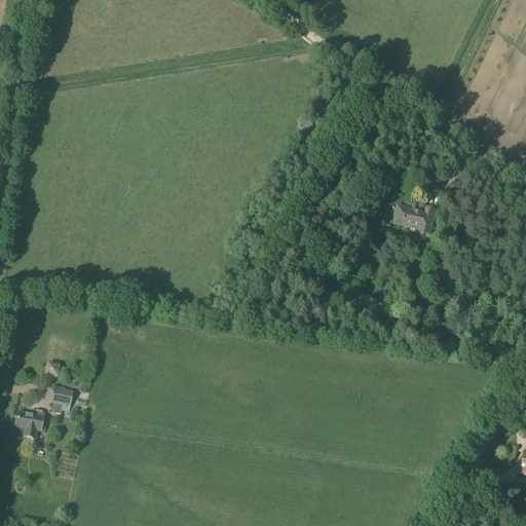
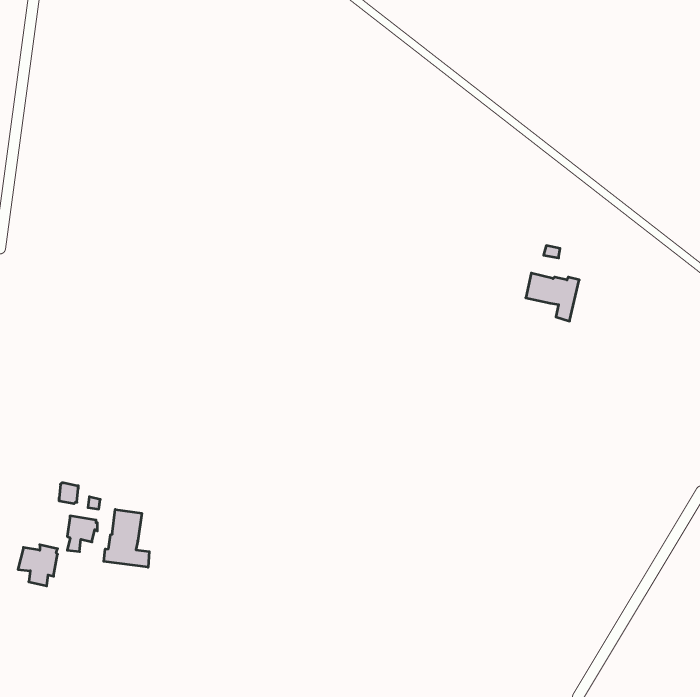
building: none -> [104,509,149,567]

